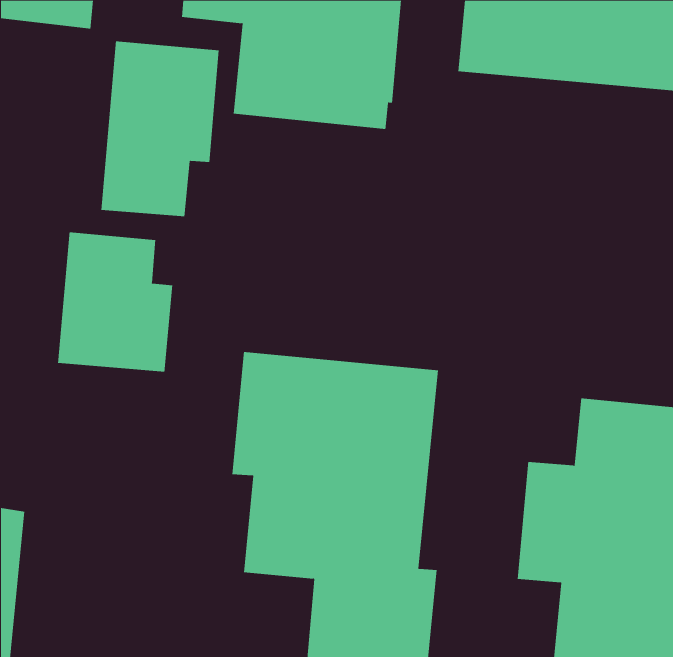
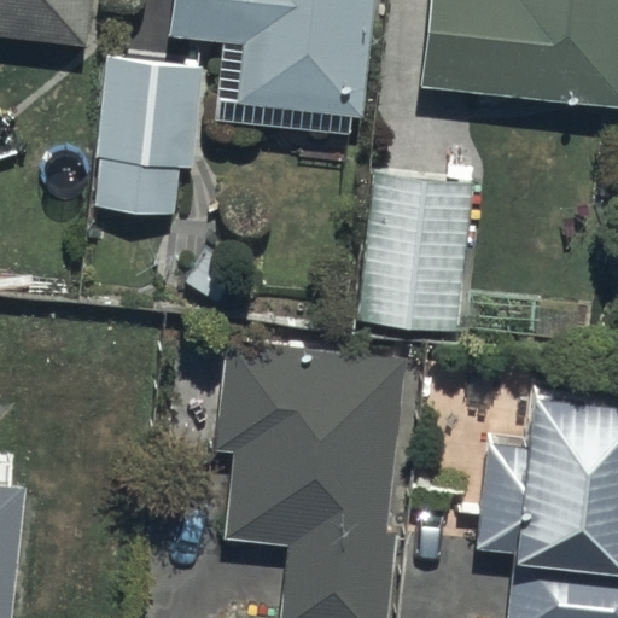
building: none -> [358,174,470,331]
building: [58,232,173,373] -> none

